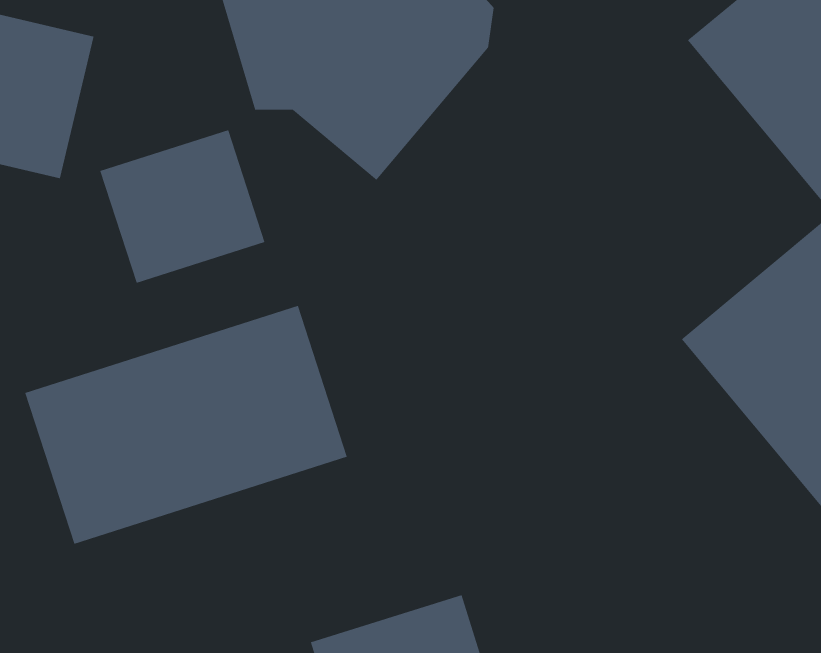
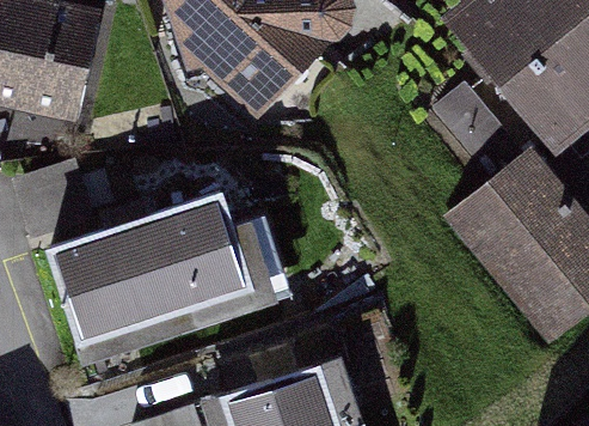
building: [99,129,266,284] -> none

